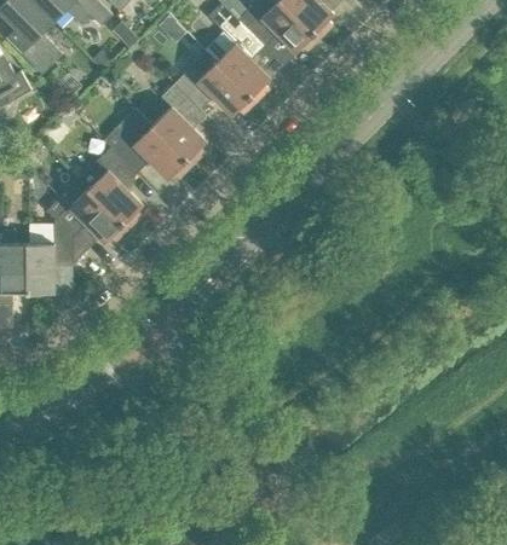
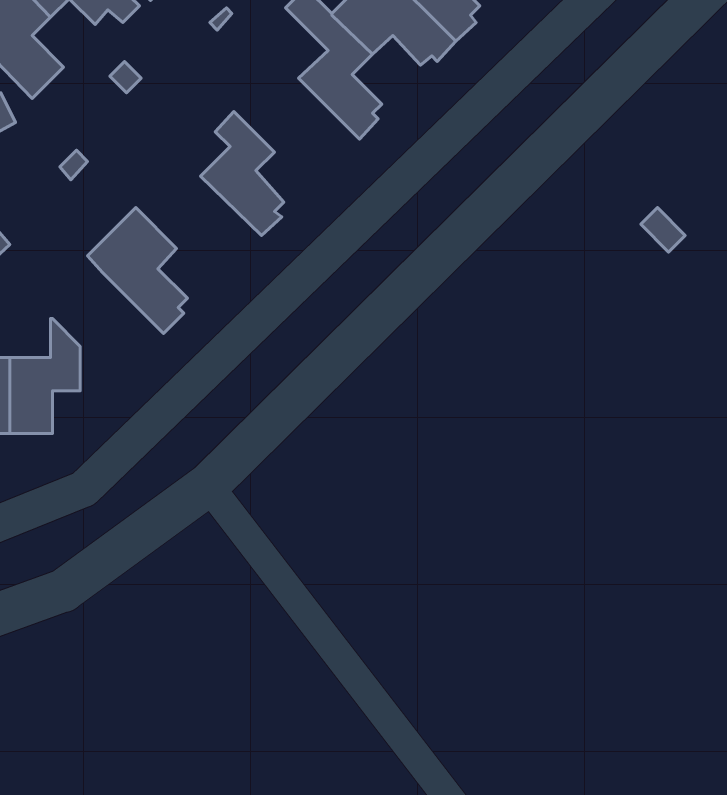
building: [174,51,257,116] -> none
building: [103,108,192,180] -> none
building: [47,189,128,243] -> none

